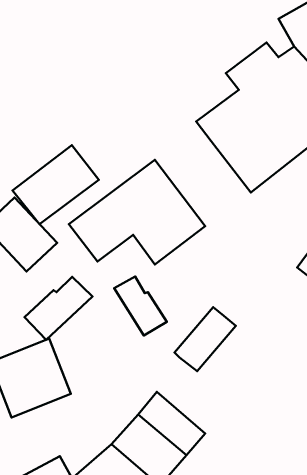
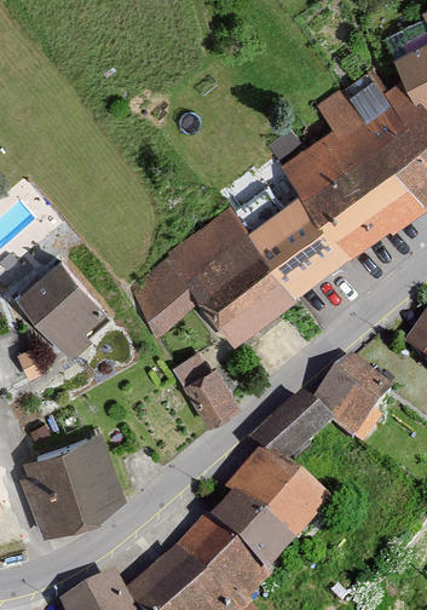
building: none -> [226,180,344,297]
building: [12,145,99,224] -> none
building: none -> [311,356,391,438]
building: [24,277,92,340] -> none
building: none -> [224,457,322,551]

